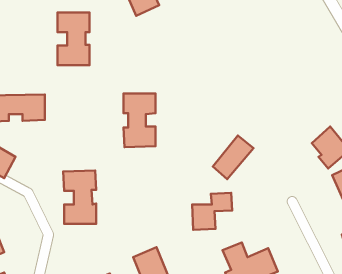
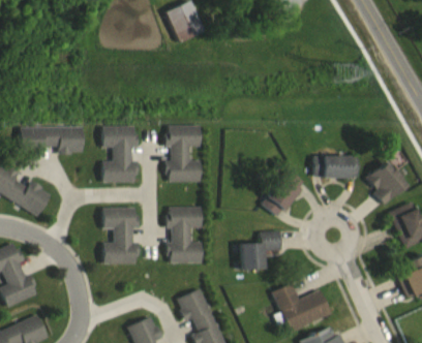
building: [58,13,90,65] -> [102,126,137,182]
building: none -> [313,155,359,178]
building: none -> [168,207,202,263]

